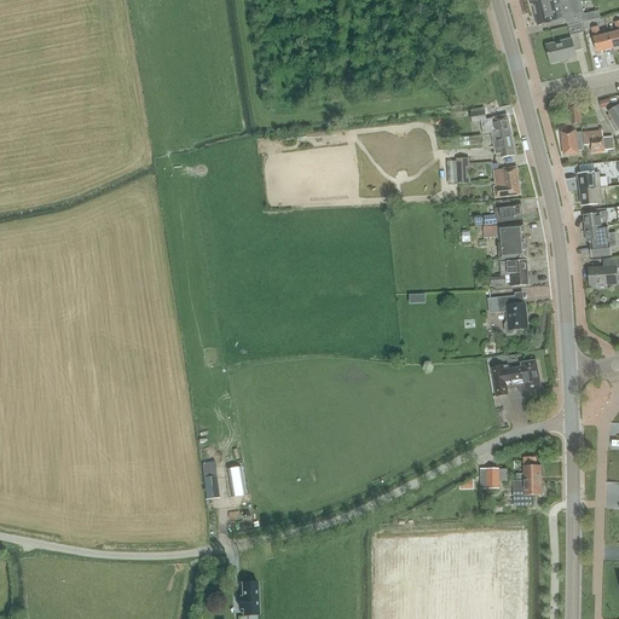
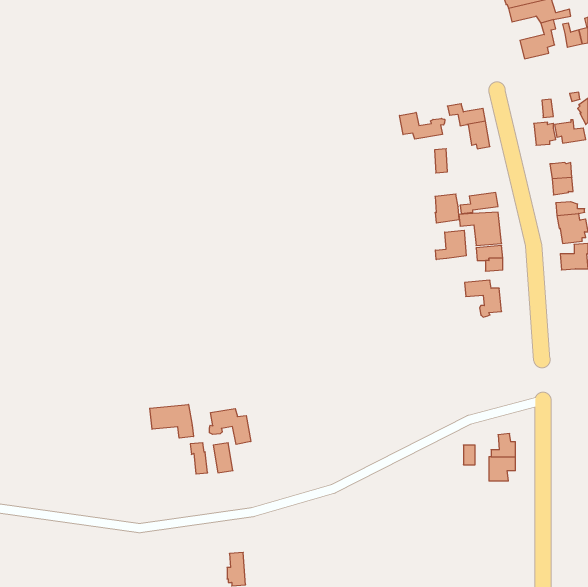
building: none -> [400,112,445,139]
building: [493,166,519,196] -> [435,194,459,223]
building: none -> [435,230,466,260]
building: [491,358,540,394] -> none
building: none -> [150,404,193,438]
building: none -> [210,409,251,444]

